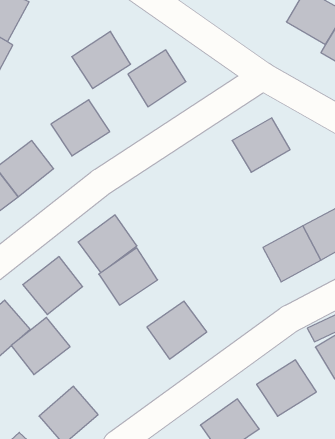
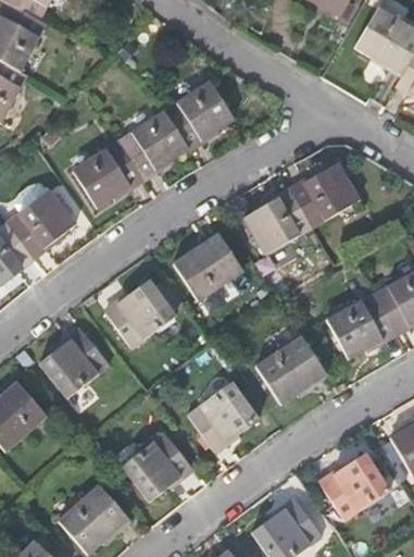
building: [72,31,131,89] -> [117,110,188,178]
building: none -> [242,189,312,255]
building: [99,248,158,305] -> [172,232,242,300]
building: none -> [254,335,326,404]
building: [11,317,70,375] -> [122,432,192,500]

